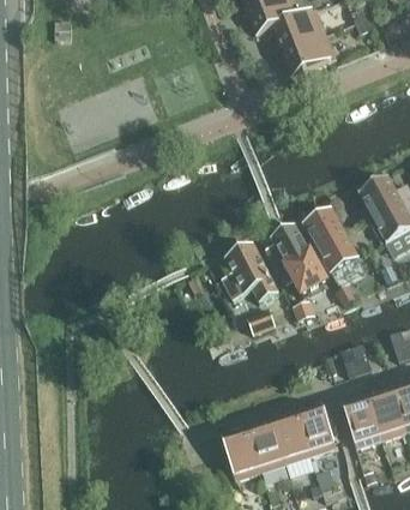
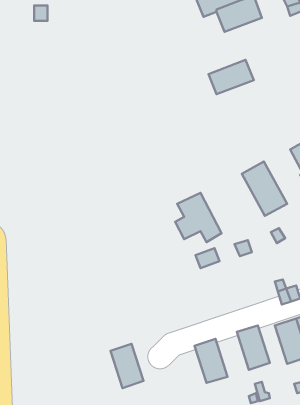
building: [282,35,336,76] -> [208,60,254,94]
building: [266,224,328,295] -> none
building: [271,409,310,463] -> none
building: [221,426,260,479] -> [110,344,144,388]

